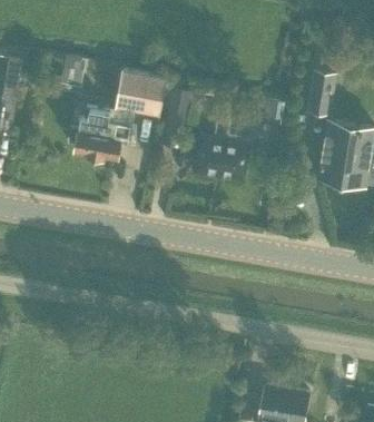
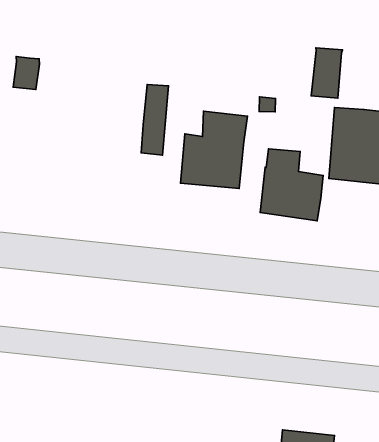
building: [115,69,166,117] -> none
building: [75,107,130,155] -> none
building: none -> [260,149,323,221]

